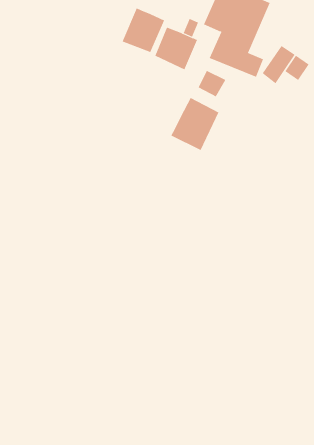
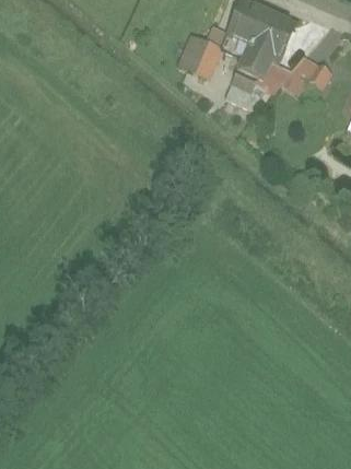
building: [122,7,165,53] -> none
building: [171,97,219,151] -> none

